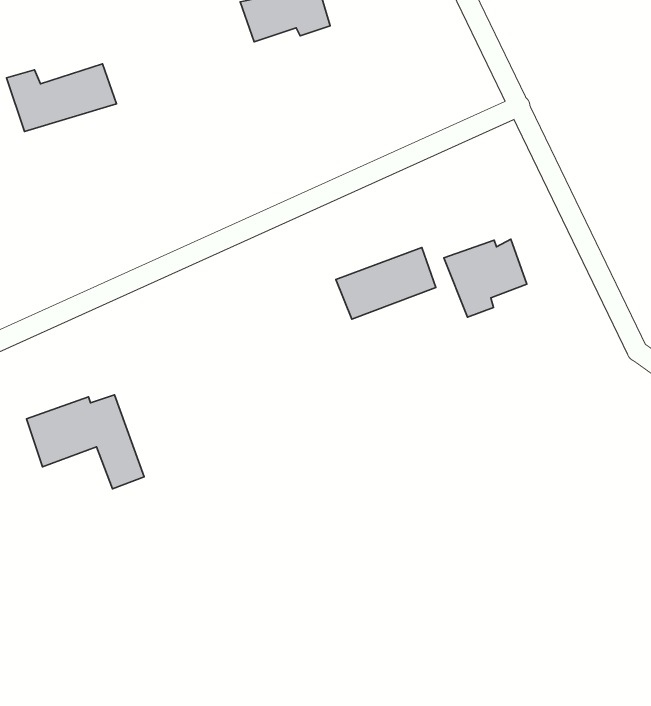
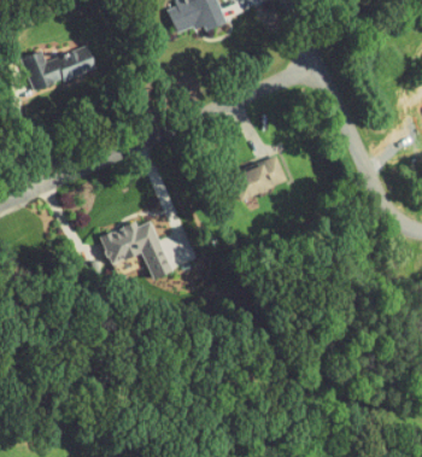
building: [444,239,527,317] -> none
building: [27,395,144,489] -> [95,221,166,277]

